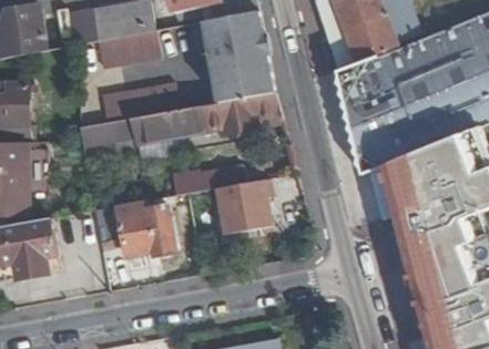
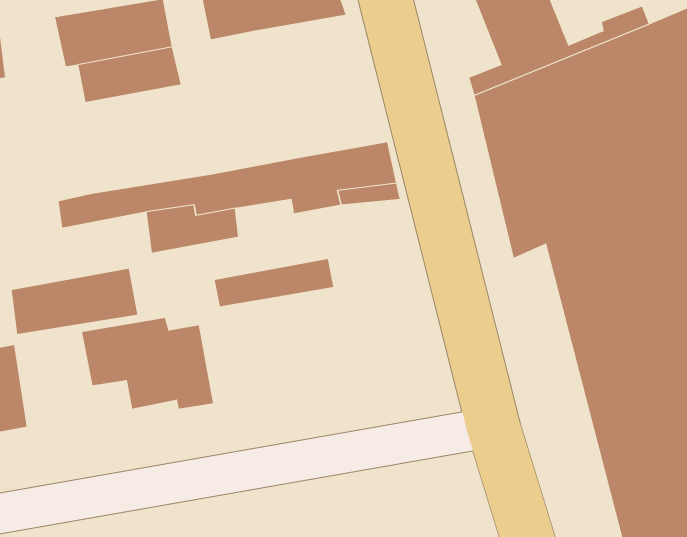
building: [200,16,282,104] -> none
building: [94,85,173,126] -> [11,268,138,335]
building: [216,181,271,236] -> none

